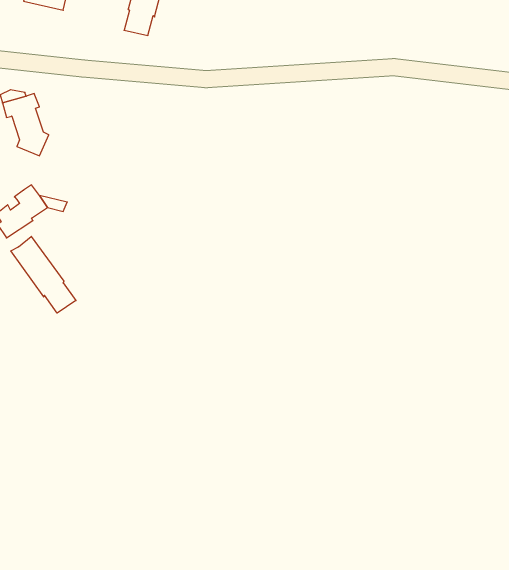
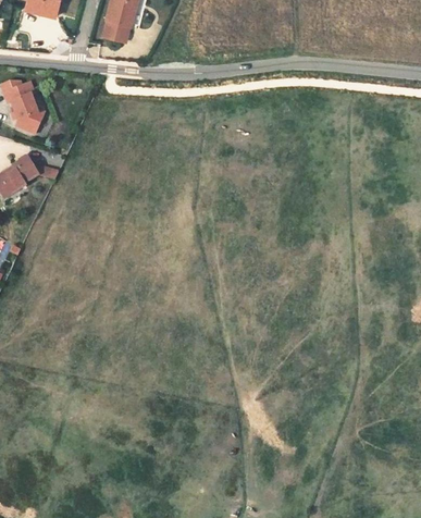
building: [11,236,76,313] -> none

